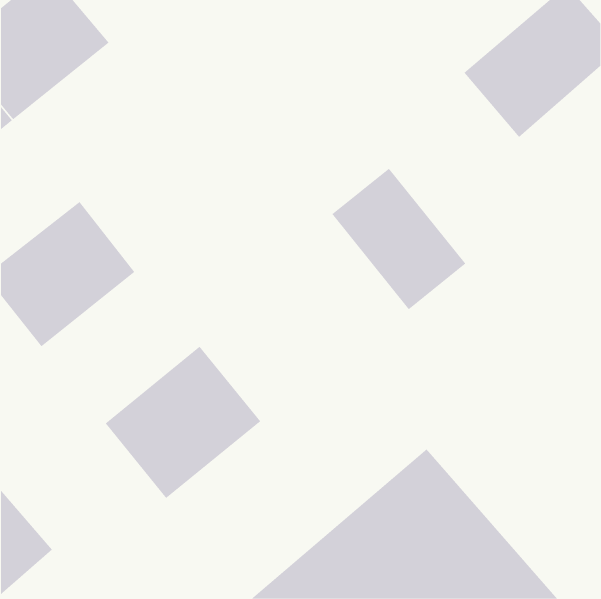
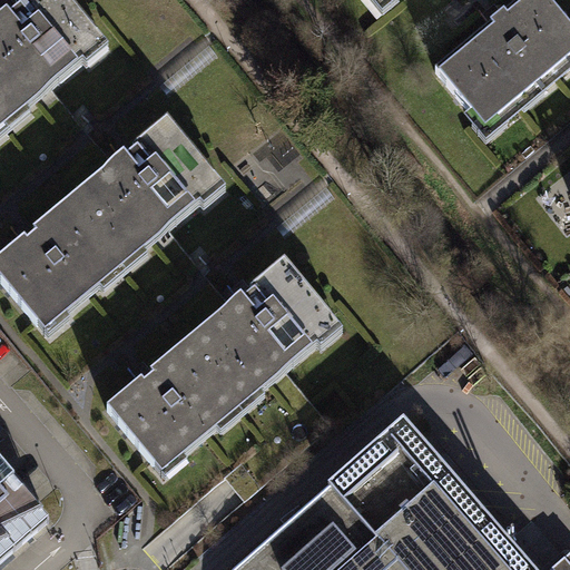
building: none -> [76,118,218,257]
building: [332,168,466,310] -> none
building: none -> [189,254,338,399]

